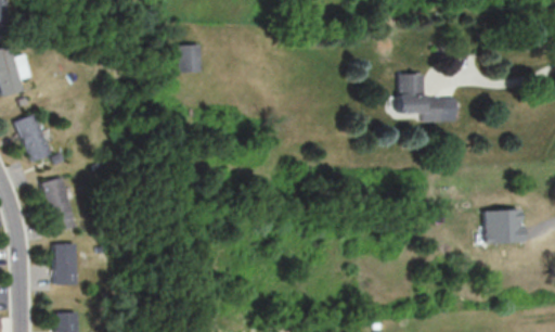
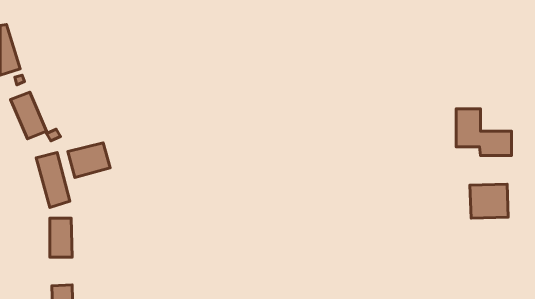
building: [178,44,202,73] -> none
building: [399,74,455,122] -> [456,109,511,155]
building: none -> [68,143,110,178]

